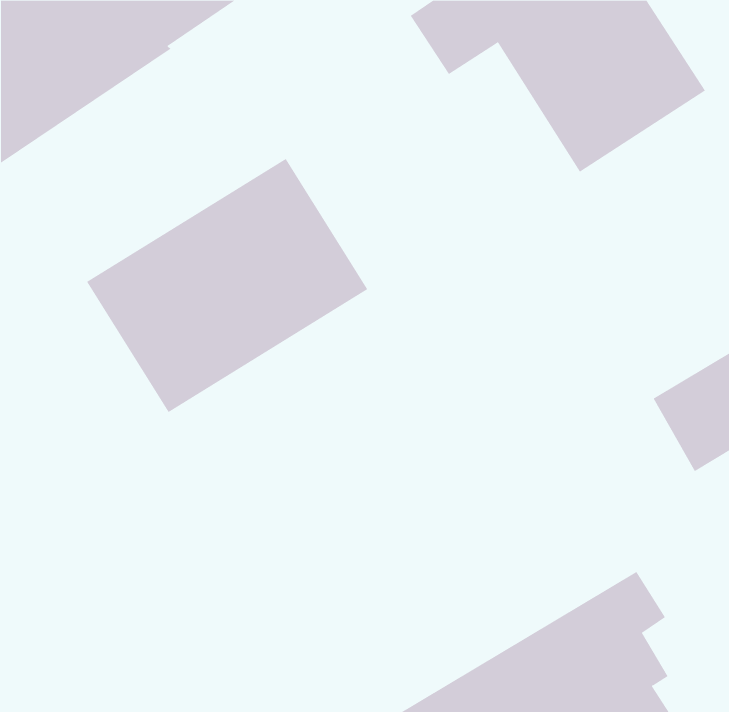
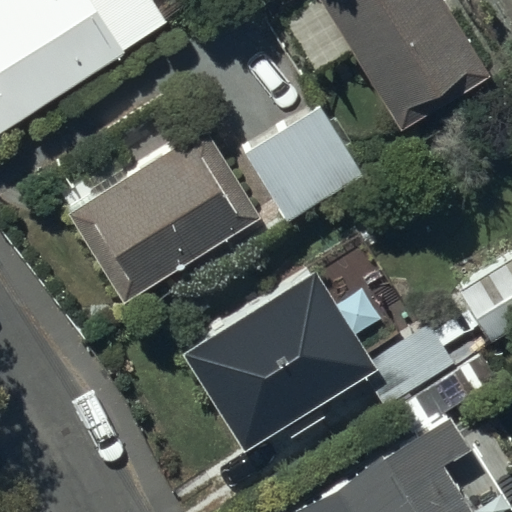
building: none -> [246,113,365,228]
building: none -> [182,265,372,446]

